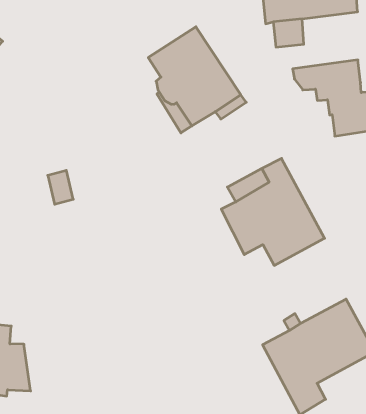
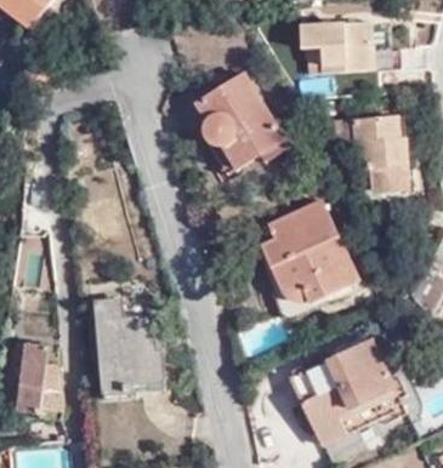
building: none -> [92,293,165,389]

